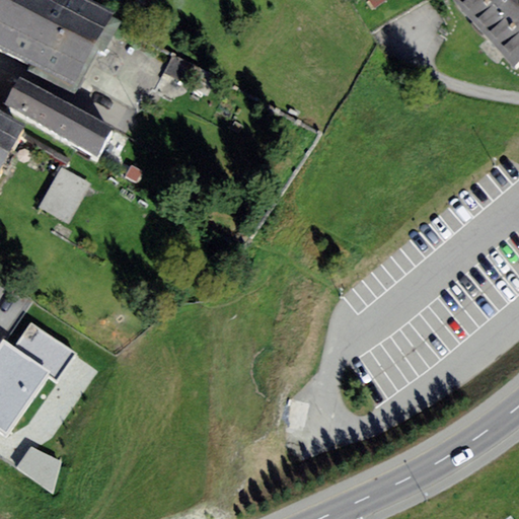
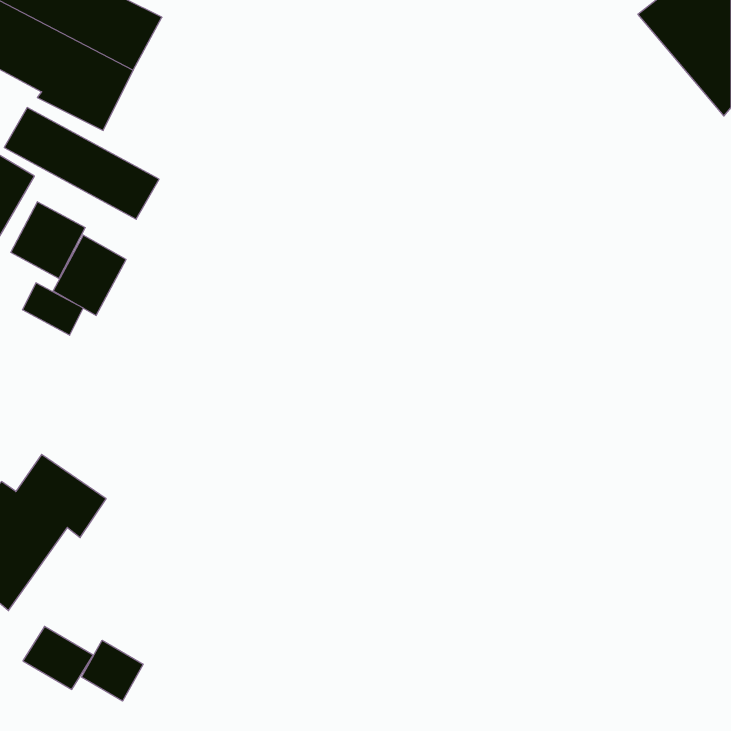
building: none -> [11,202,85,278]
building: none -> [23,283,83,335]
building: none -> [82,640,143,701]

